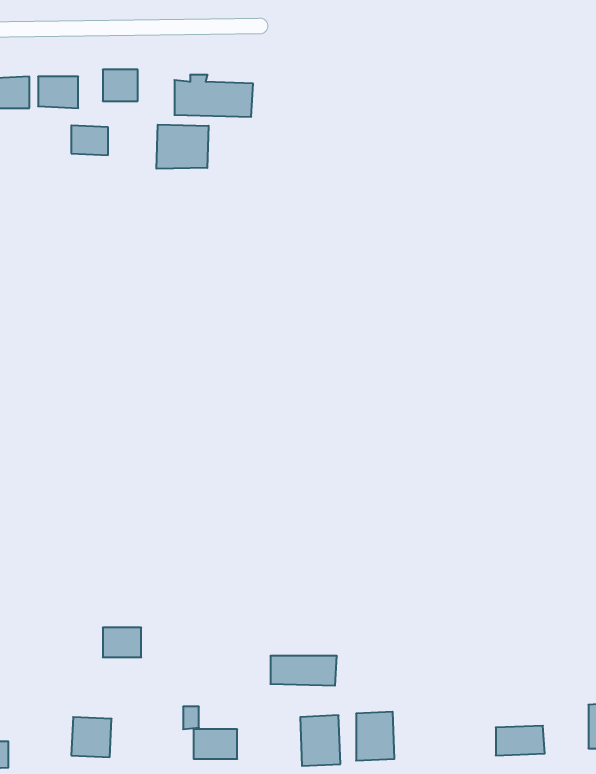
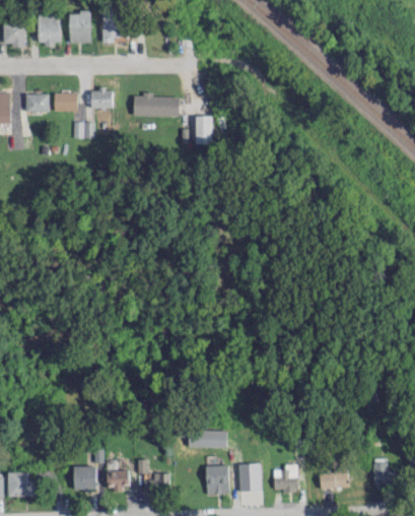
building: none -> [195,116,211,144]
building: [156,125,209,169] -> none
building: [103,628,141,657] -> [107,471,129,489]
building: none -> [273,464,297,493]

